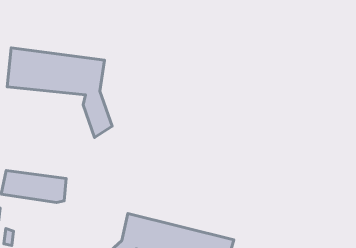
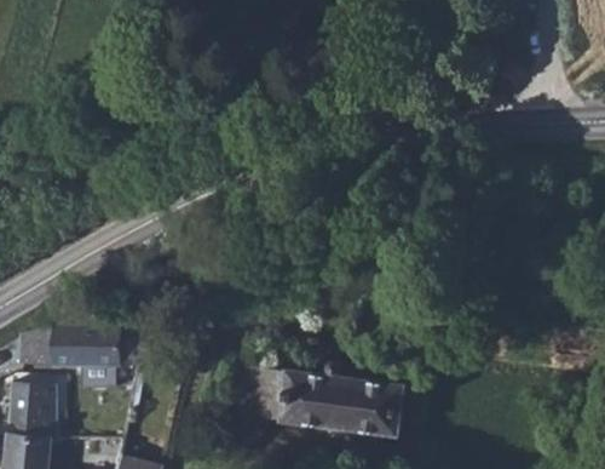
building: [7,48,112,138] -> none

